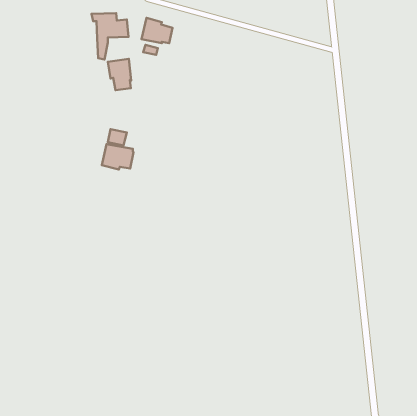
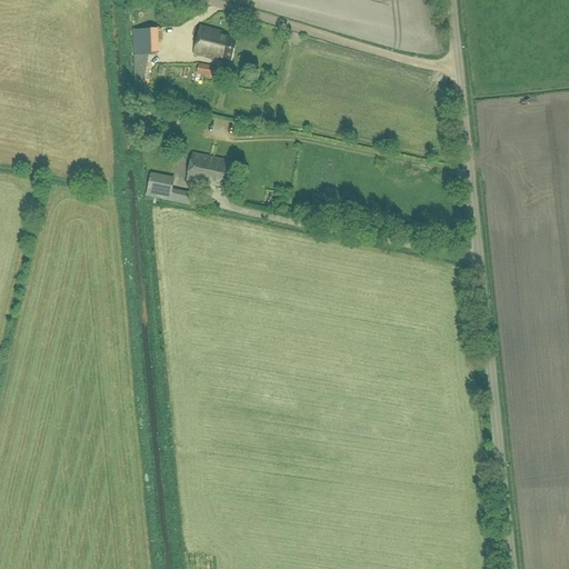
building: [108,59,131,90] -> none
building: [102,144,134,169] -> [187,151,230,186]

